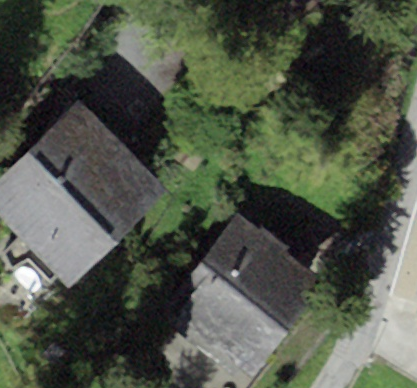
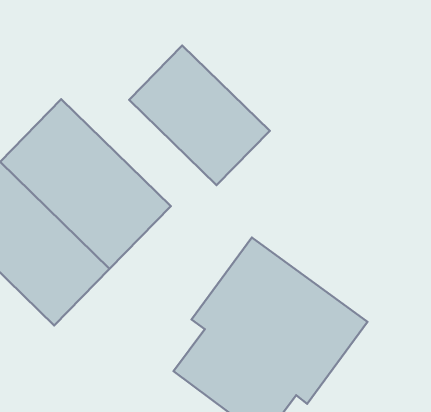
building: none -> [129,45,270,185]

